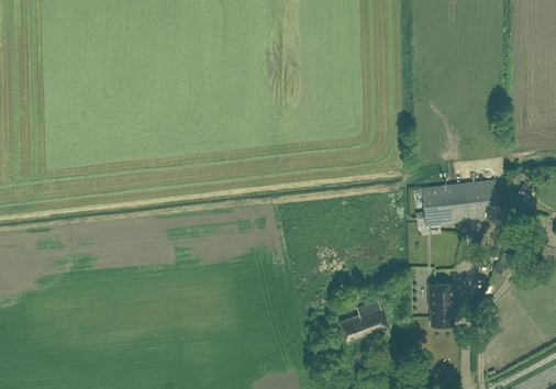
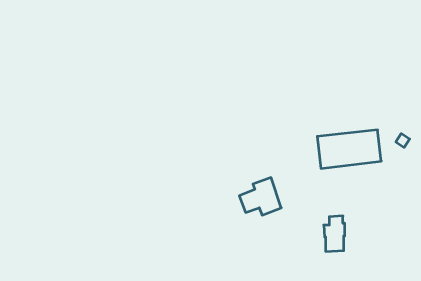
building: [340,300,390,345] -> [239,178,281,215]

